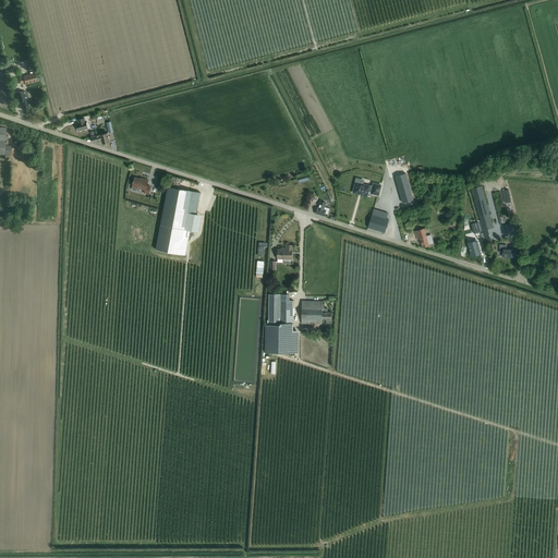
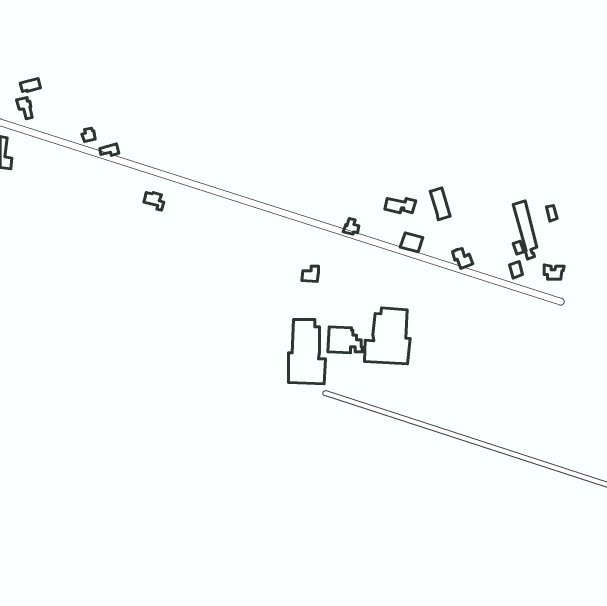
building: [156,185,199,254] -> none
building: none -> [364,308,410,364]

